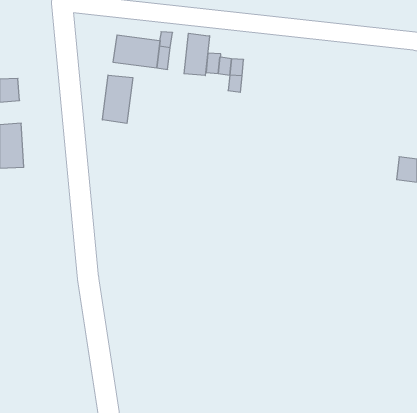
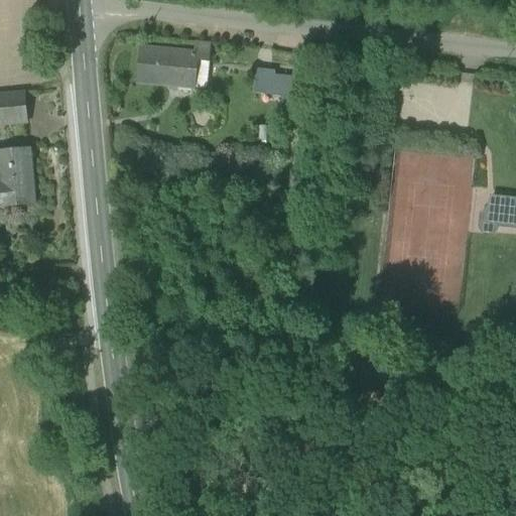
building: [184,33,210,76] -> none
building: [102,75,133,123] -> none

